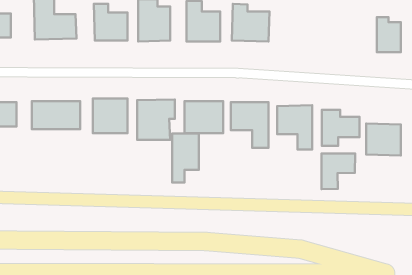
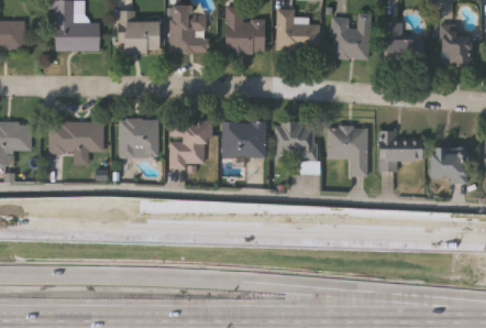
building: none -> [330,13,369,58]
building: none -> [383,22,422,62]
building: [172,134,199,183] -> none
building: [322,153,355,189] -> none

